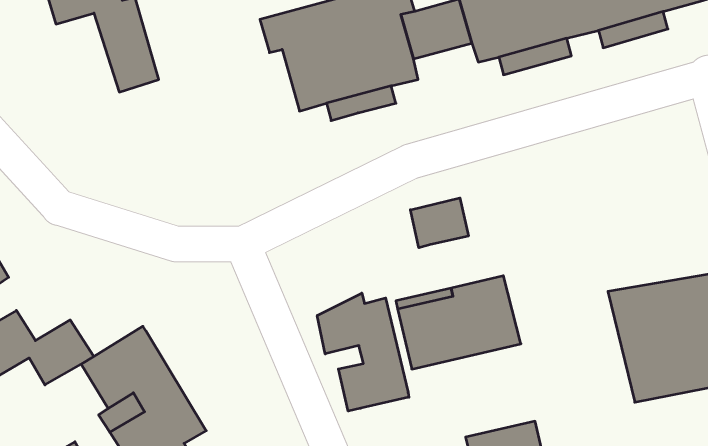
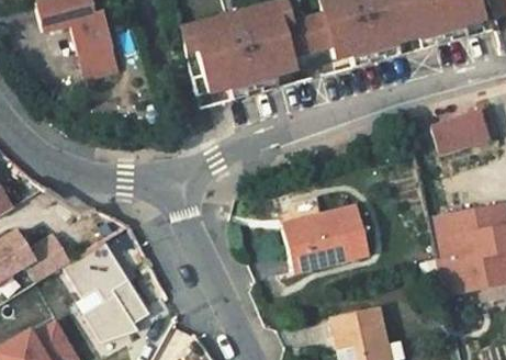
building: none -> [432,112,486,153]
building: [410,198,468,248] -> none
building: [317,293,409,411] -> none

